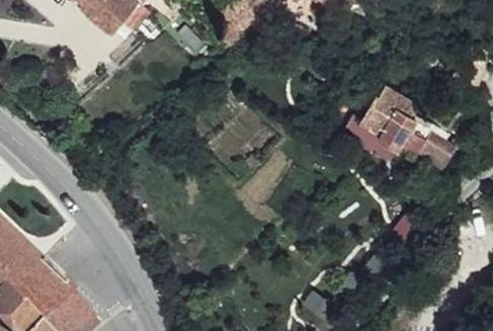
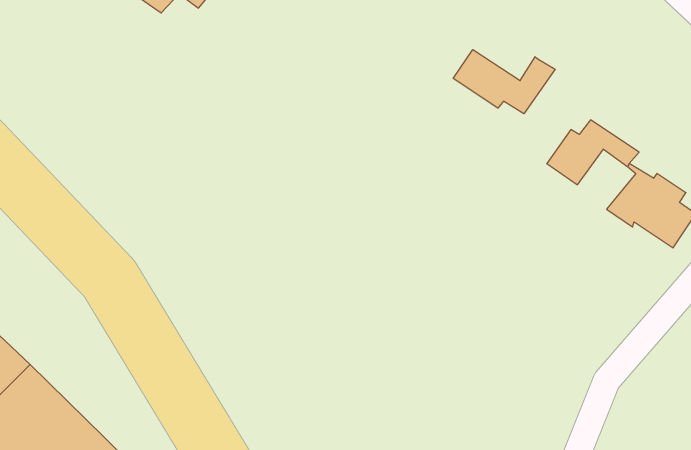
building: none -> [453,50,555,114]
building: [374,114,413,155] -> none

